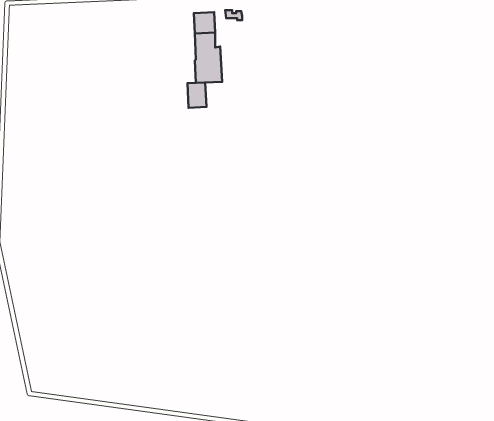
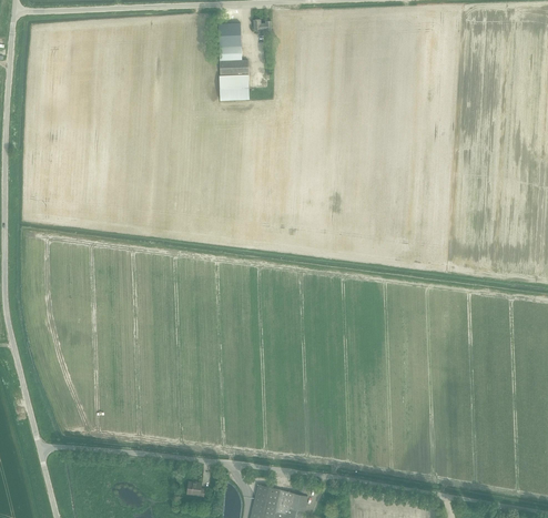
building: [188,82,206,108] -> none

